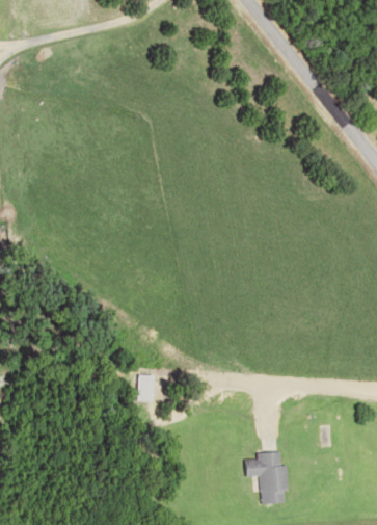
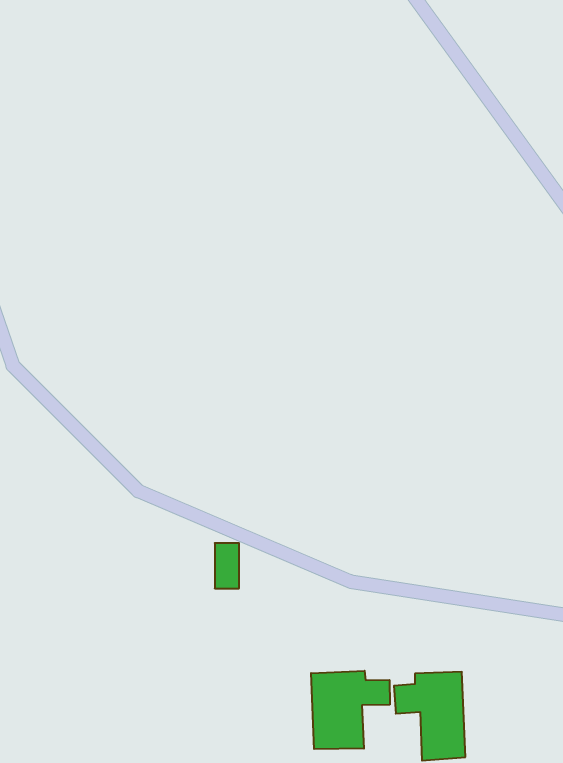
building: none -> [311,671,390,749]

